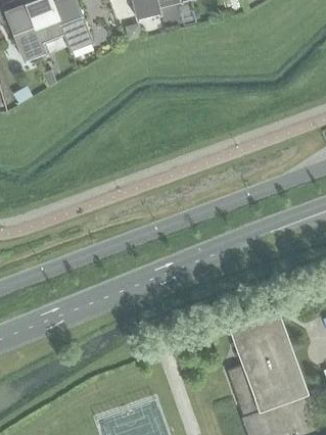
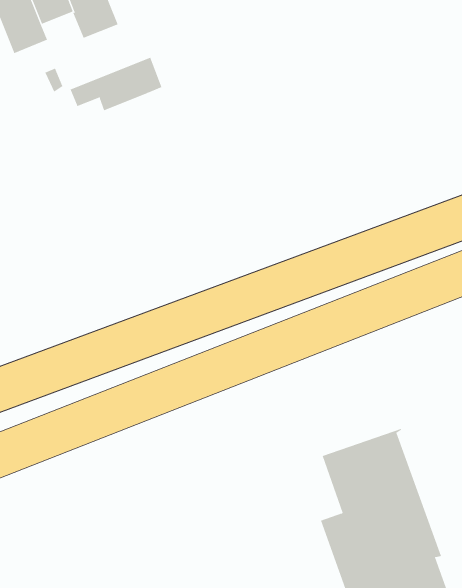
building: none -> [70,57,162,111]

